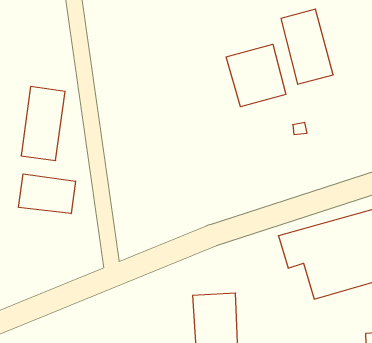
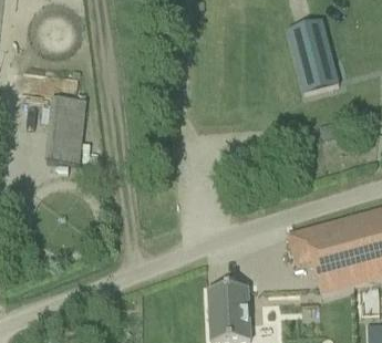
building: [226,44,286,107] -> none
building: [19,174,76,214] -> none

